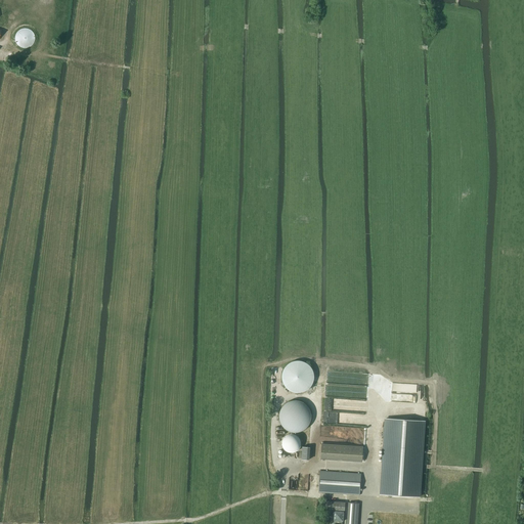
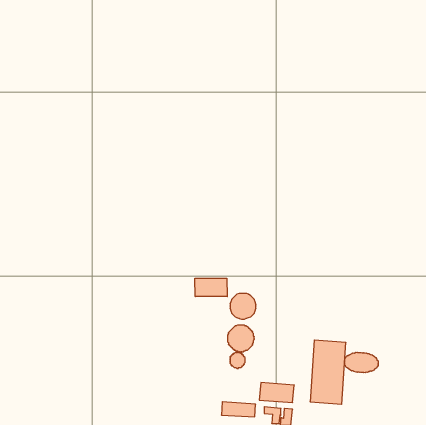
building: none -> [195,278,227,297]
building: none -> [344,352,378,373]
building: [321,442,363,461] -> [221,402,256,417]

